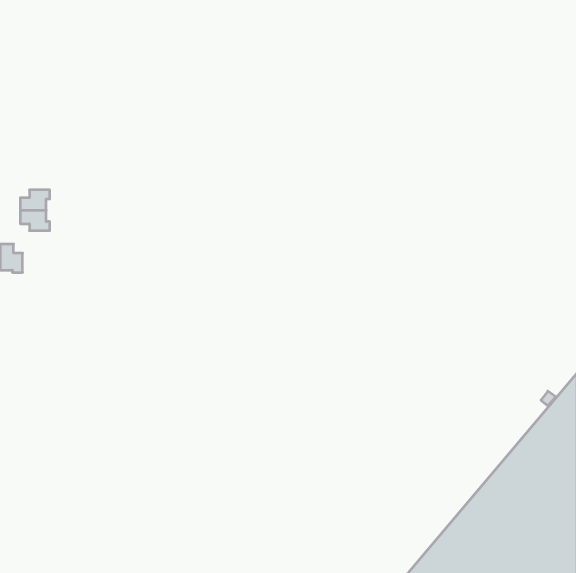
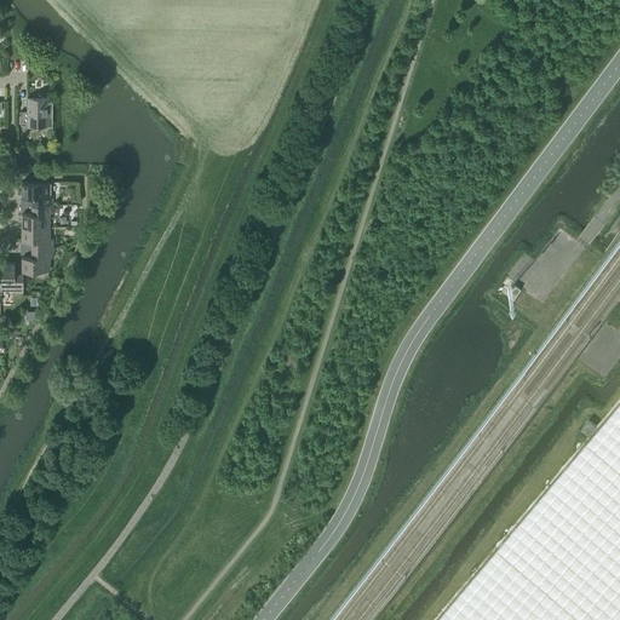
building: none -> [22,102,53,130]
building: none -> [23,185,54,208]
building: none -> [23,252,54,275]

